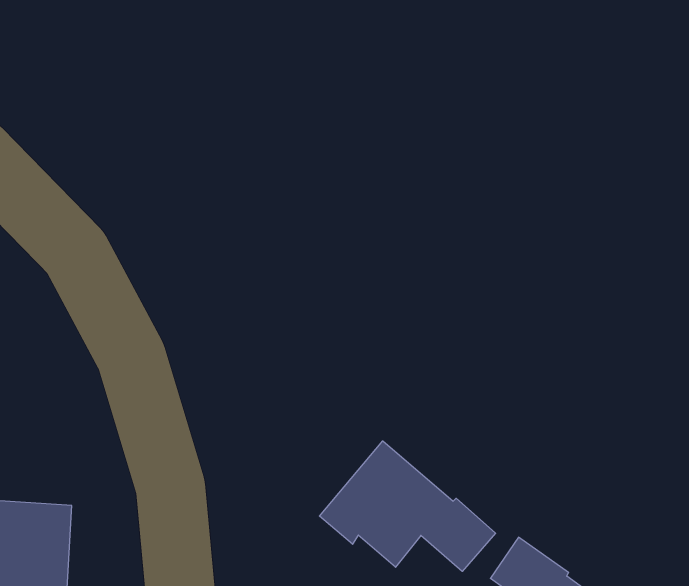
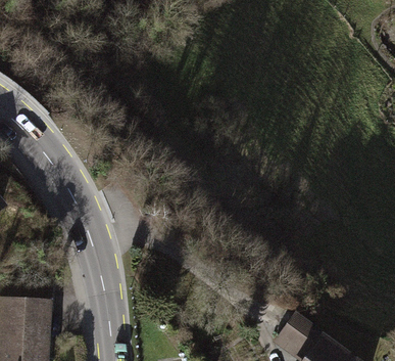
building: [319,441,496,571] -> none

